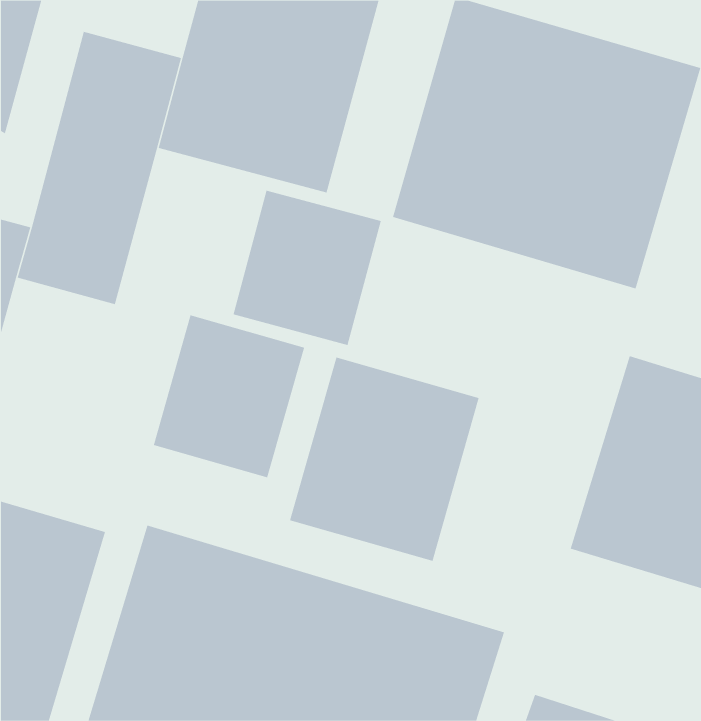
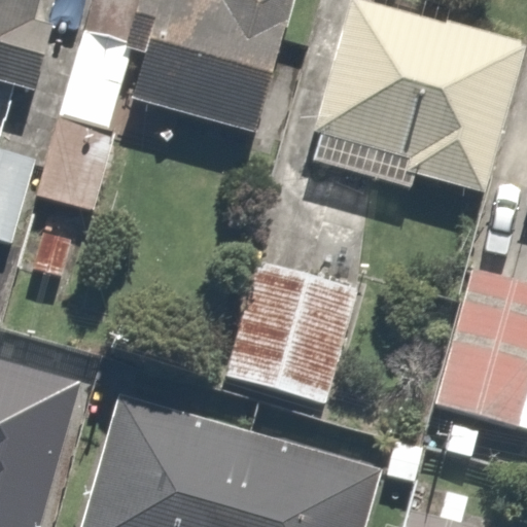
building: [233,190,381,346] -> none
building: [153,315,305,478] -> none

